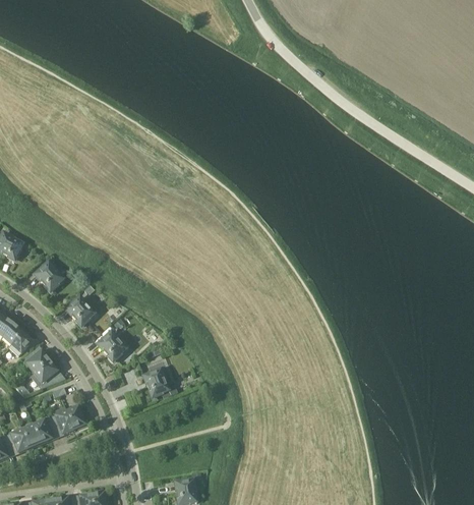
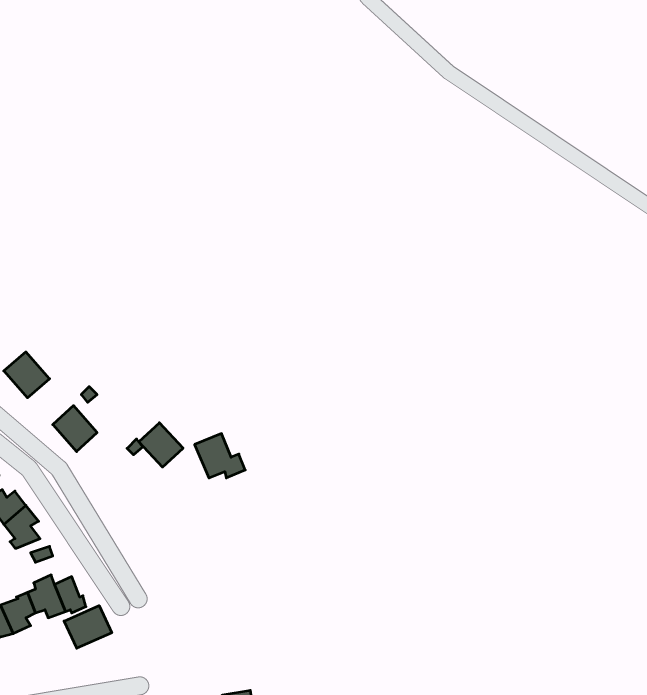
building: [99,332,127,360] -> [139,423,183,467]
building: [144,369,177,397] -> [195,434,245,478]
building: none -> [64,606,112,648]

